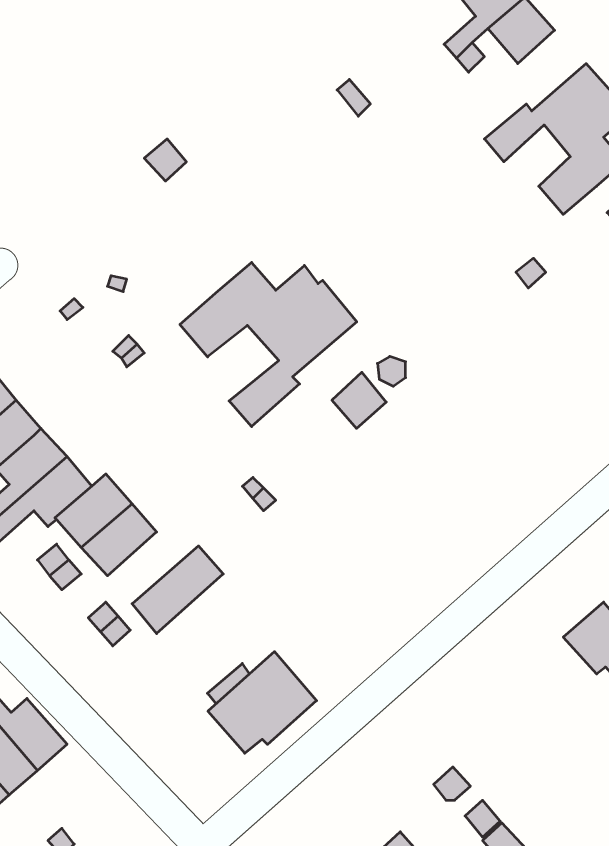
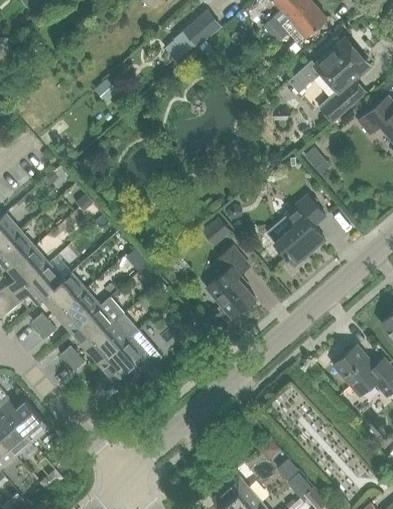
building: none -> [172,11,221,56]
building: [180,262,357,427] -> none
building: none -> [273,193,325,266]
building: none -> [205,247,255,318]
building: none -> [72,297,124,346]
building: [208,652,317,753] -> [100,329,162,387]

